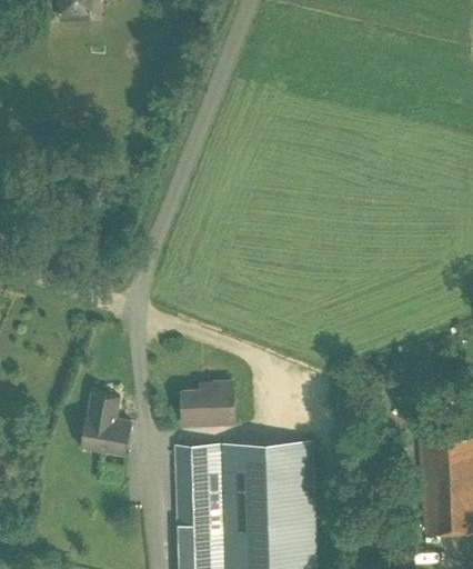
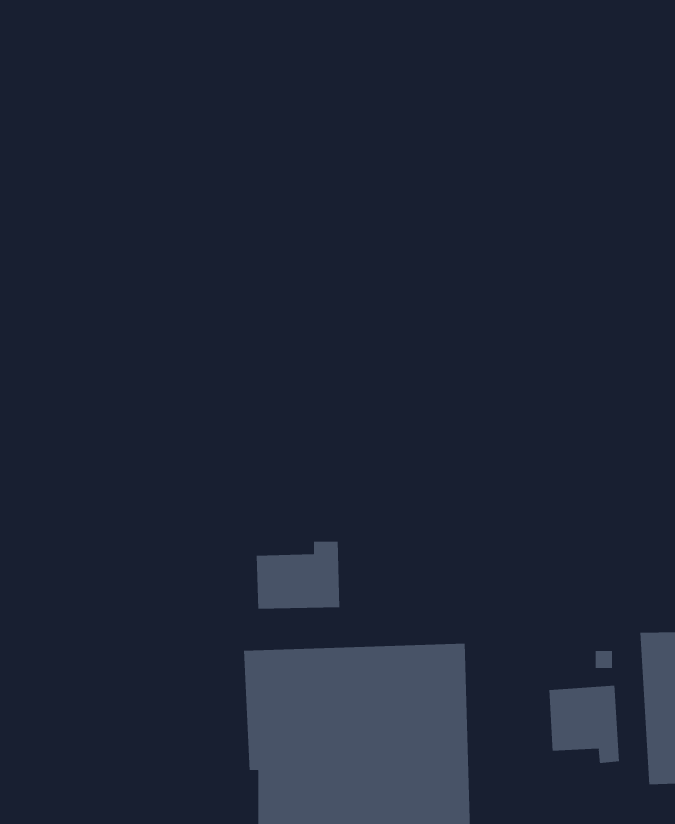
building: [80,391,130,455] -> none
building: none -> [549,685,619,764]

